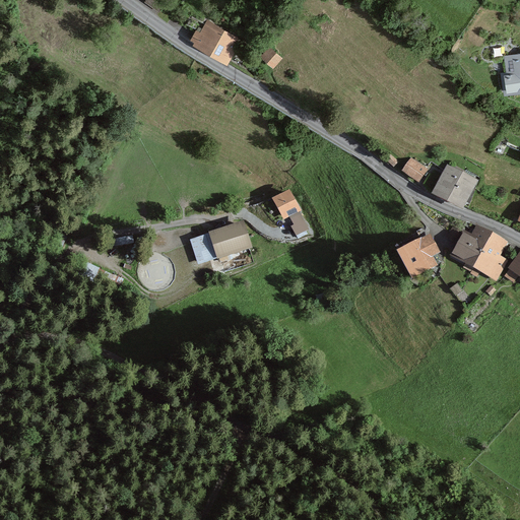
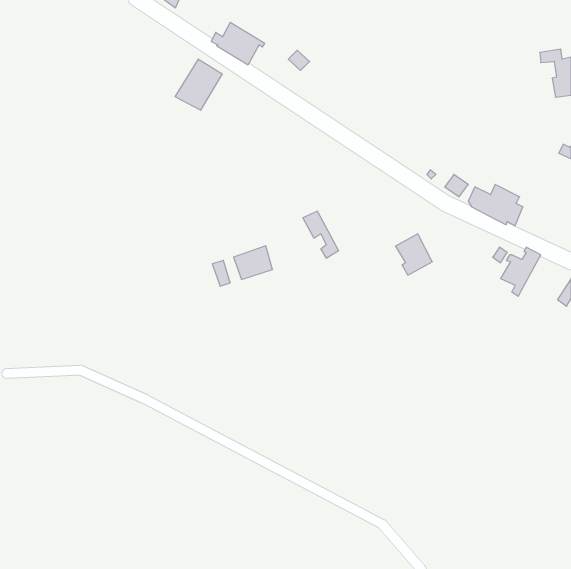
building: none -> [175,59,222,110]
building: [471,232,508,275] -> none
building: [401,238,435,275] -> [395,234,432,275]

